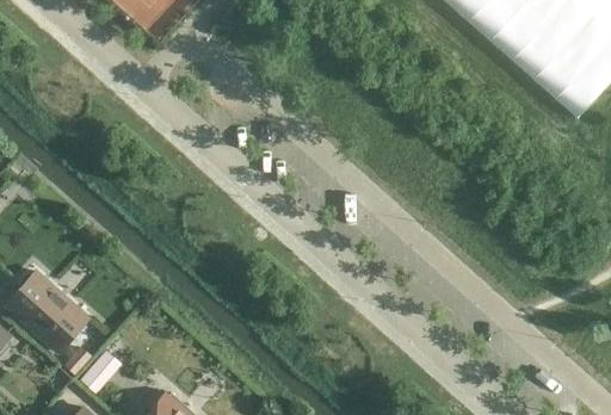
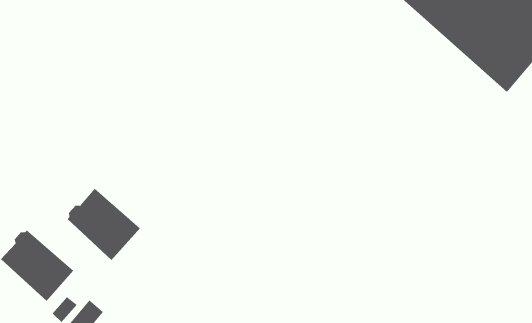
building: none -> [67,188,141,261]

